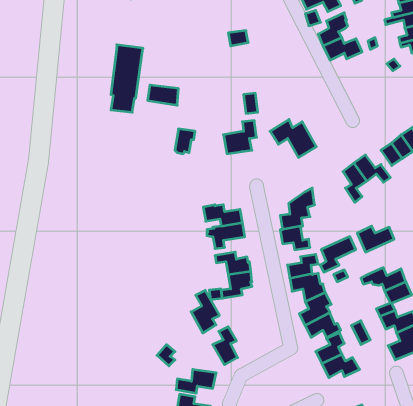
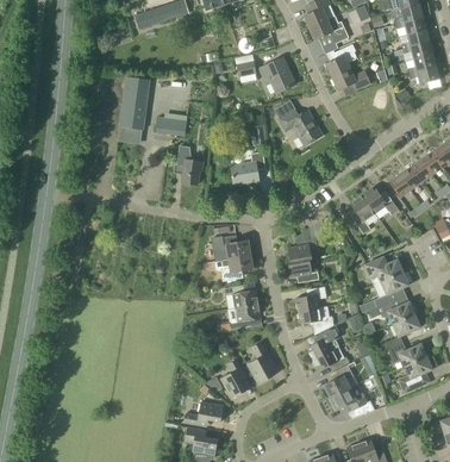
building: none -> [260,57,295,94]
building: [270,119,316,157] -> [276,107,323,145]
building: [320,237,356,272] -> [373,270,408,306]
building: [191,290,219,333] -> [246,341,275,383]

